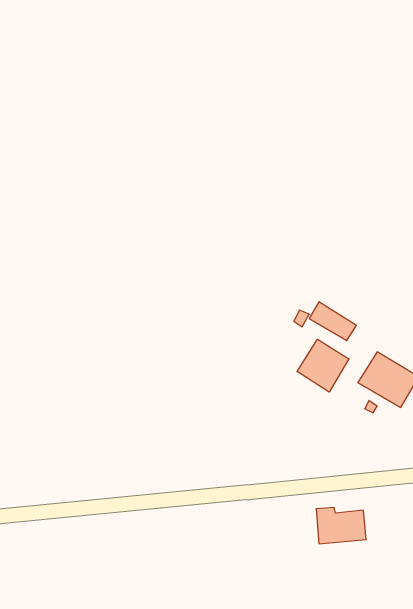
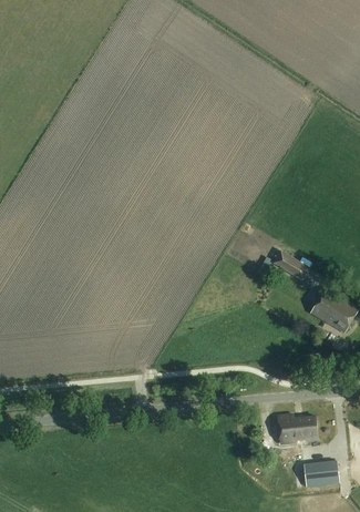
building: [297,339,349,392] -> none
building: none -> [304,461,339,488]

